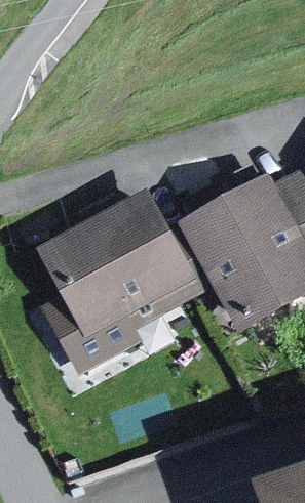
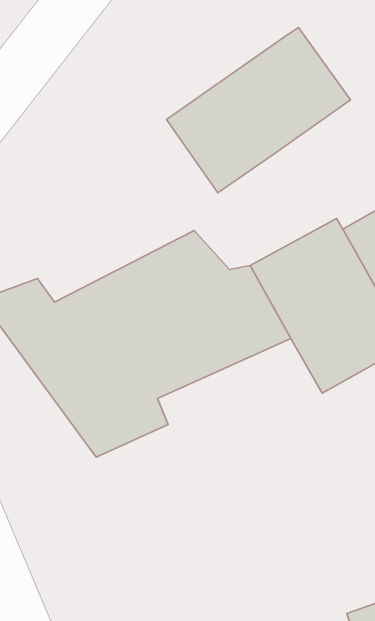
building: none -> [166,28,351,193]

